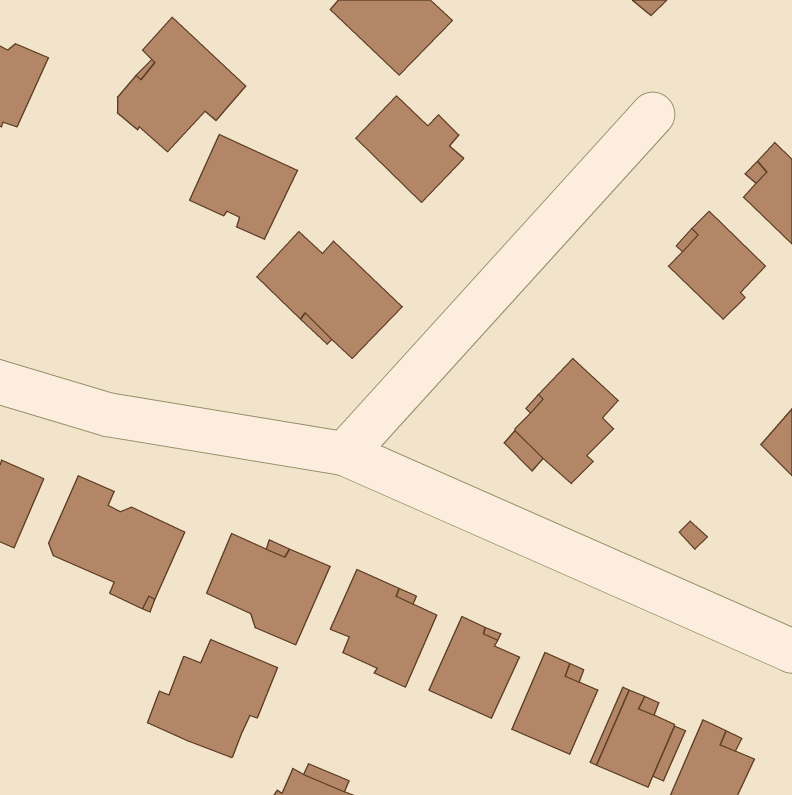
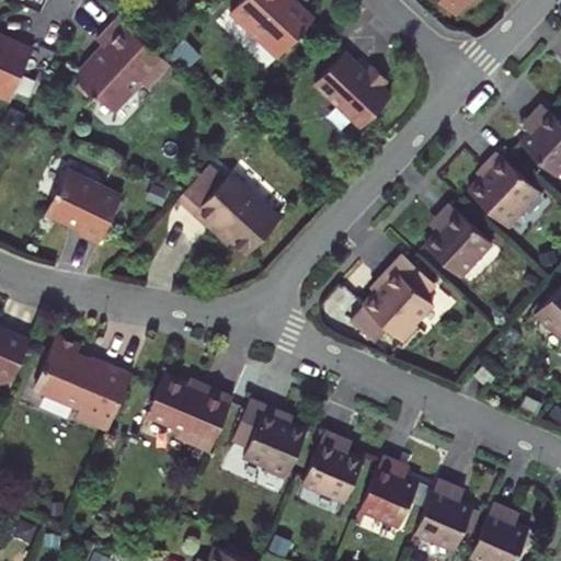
building: [356,96,464,202] -> [319,54,394,128]
building: [190,134,298,239] -> [50,170,126,243]
building: none -> [425,203,491,275]
building: [148,639,278,758] -> none

